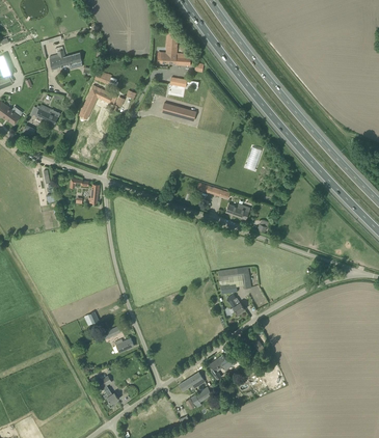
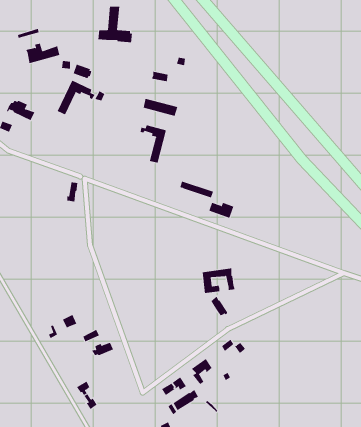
building: [157,30,191,65] -> [97,6,133,43]
building: none -> [140,125,166,163]

